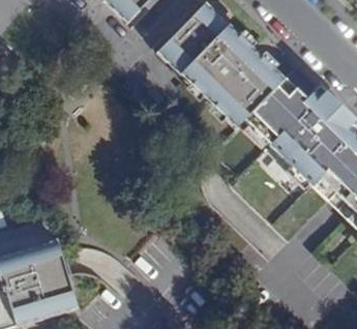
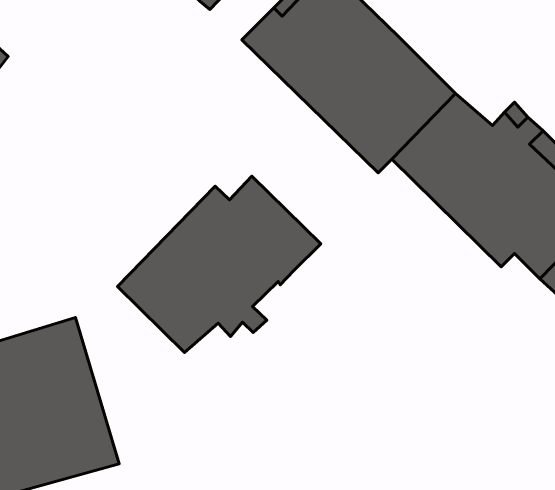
building: none -> [117,176,321,353]

